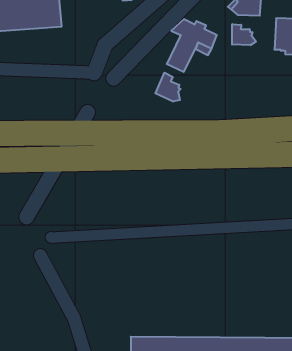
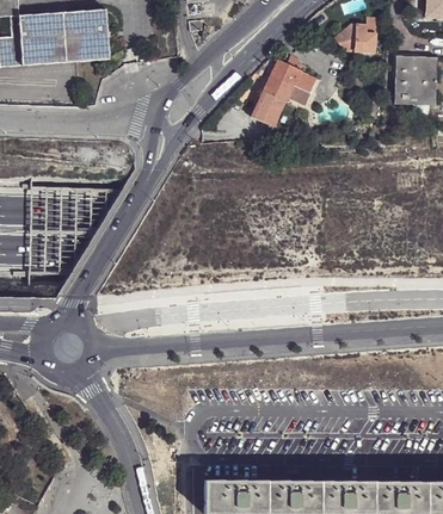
building: [232,24,256,45] -> none
building: [155,73,181,102] -> none

